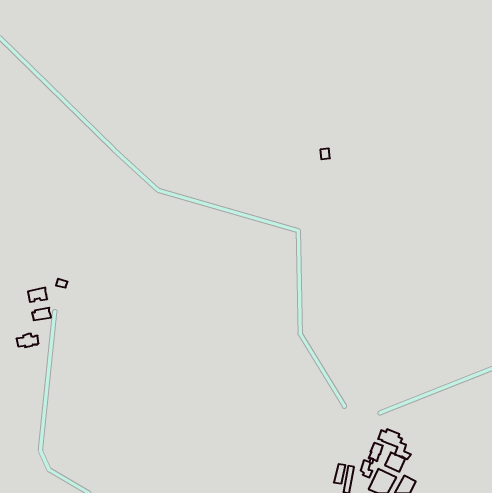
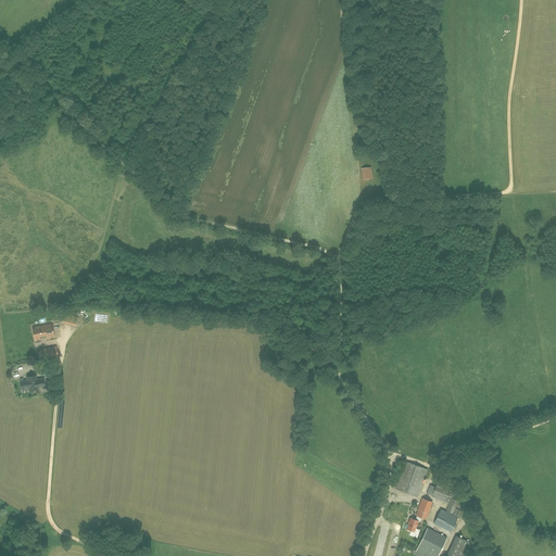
building: none -> [394,462,426,496]

